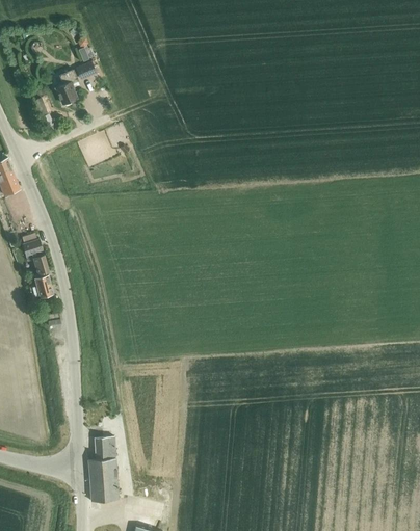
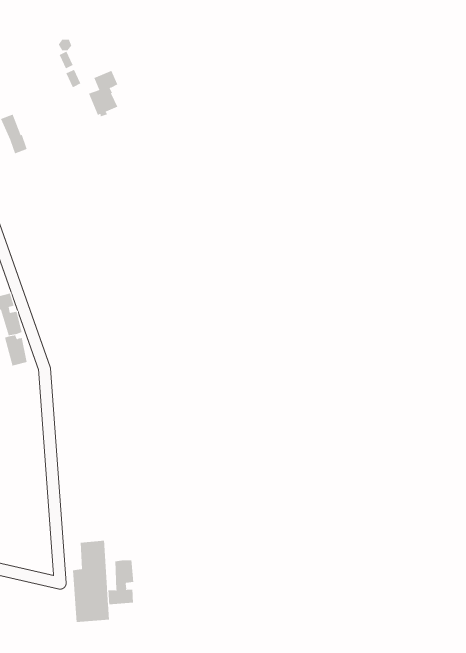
building: [54,69,78,106] -> [88,70,118,117]
building: none -> [108,559,134,605]

